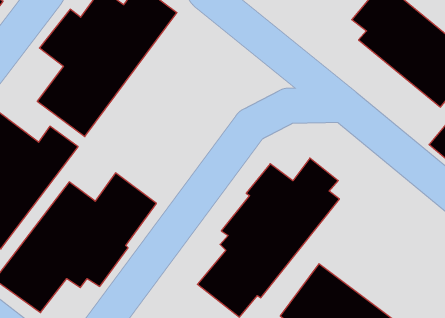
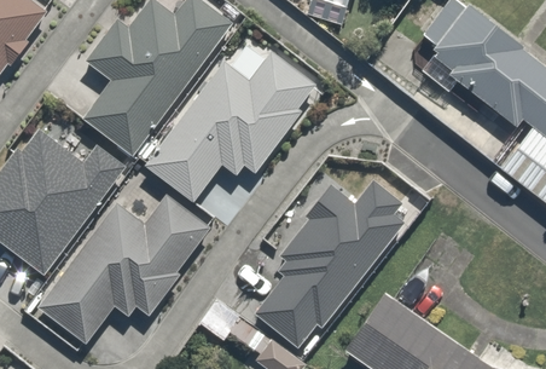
building: none -> [145,52,316,203]

